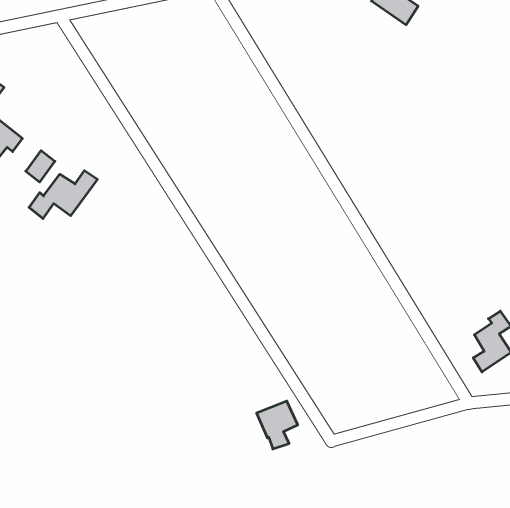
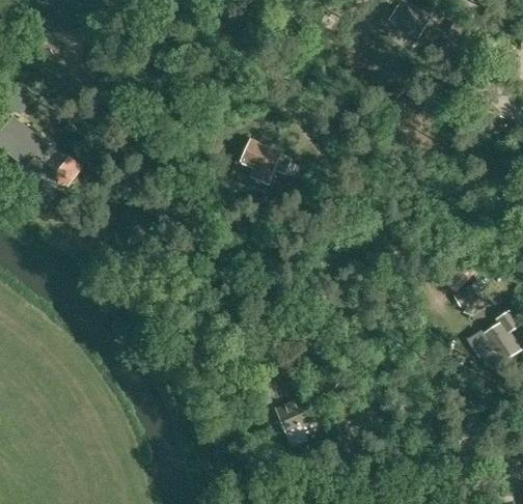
building: none -> [242,139,292,183]
building: [29,171,97,219] -> none

